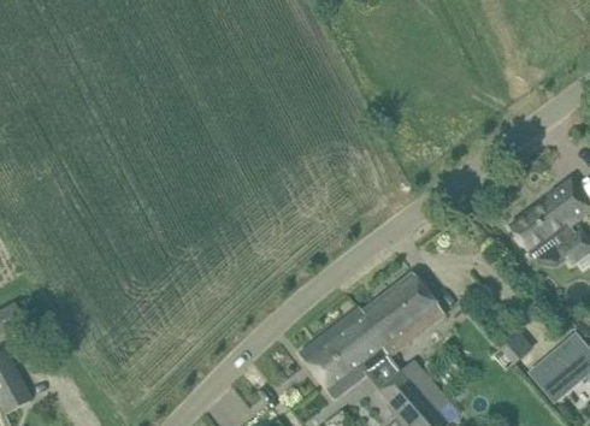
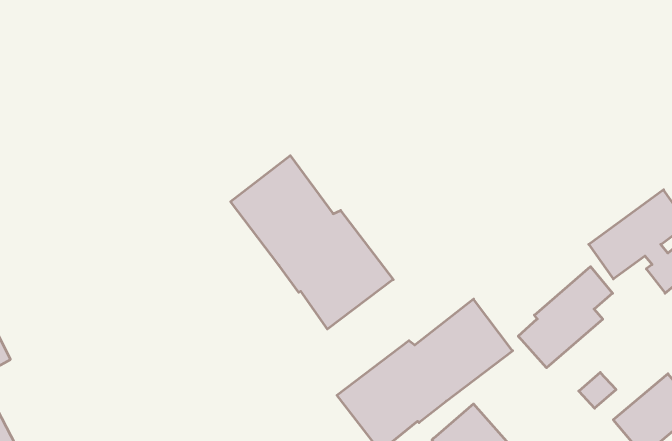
building: none -> [231,156,393,329]
building: none -> [518,267,613,368]

